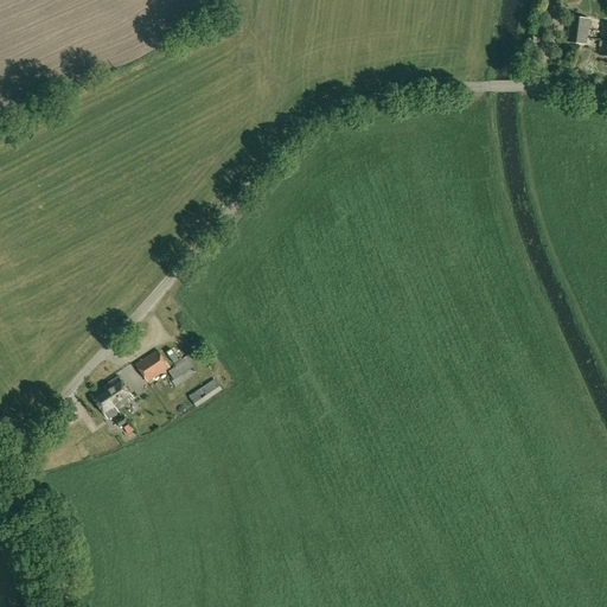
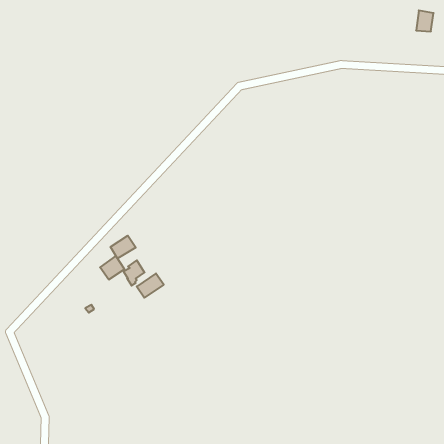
building: none -> [111,236,136,259]
building: [92,375,135,418] -> none

